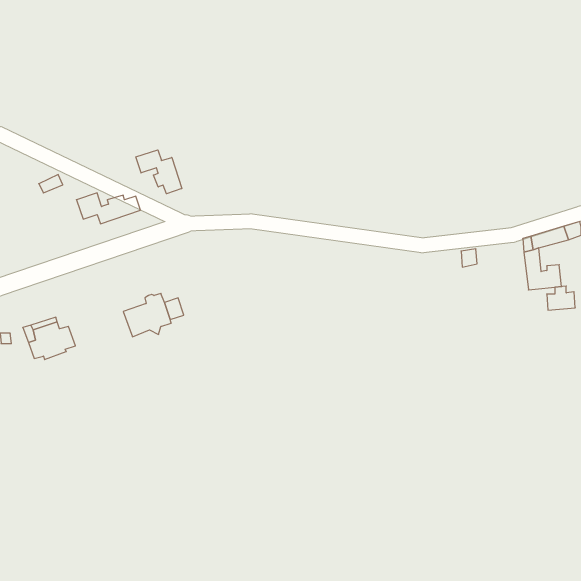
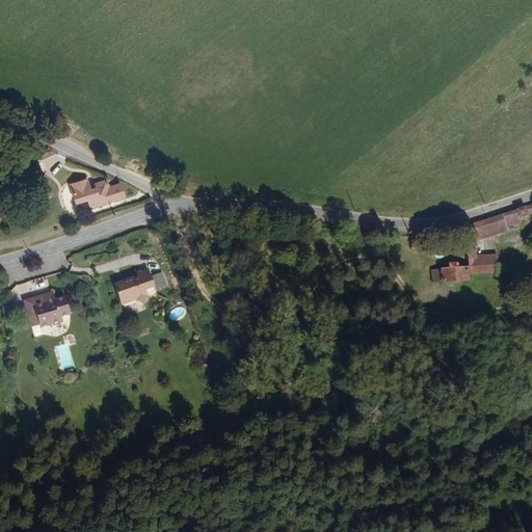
building: [136,150,182,194] -> none
building: [547,286,575,310] -> [452,257,478,278]

